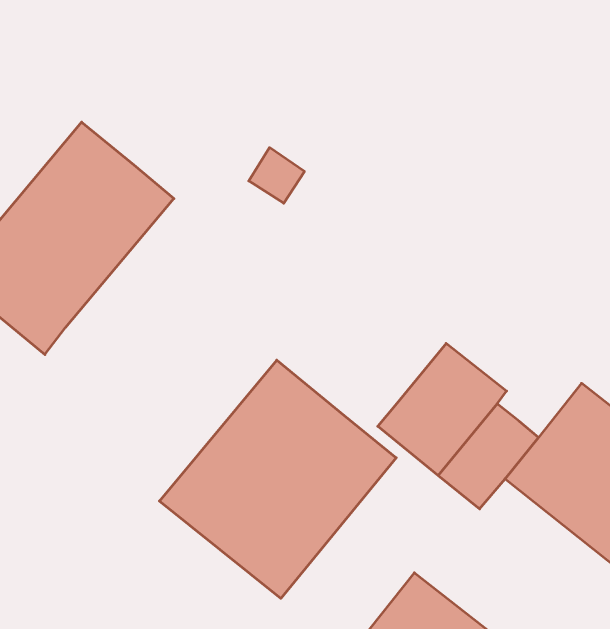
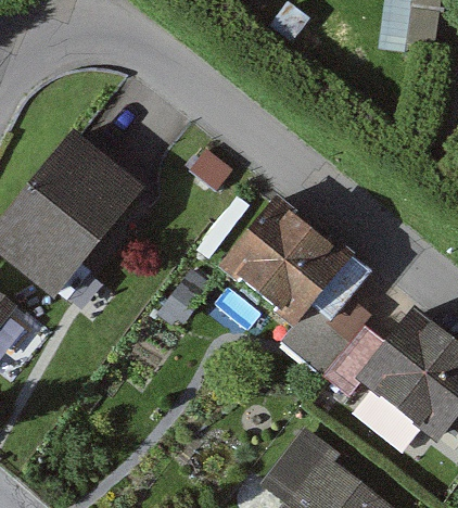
building: none -> [219,198,348,326]
building: [159,360,396,598] -> none

